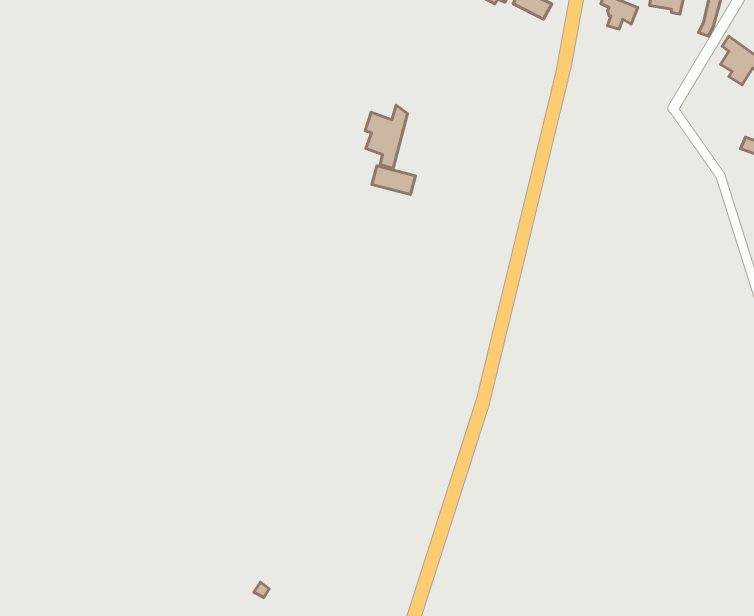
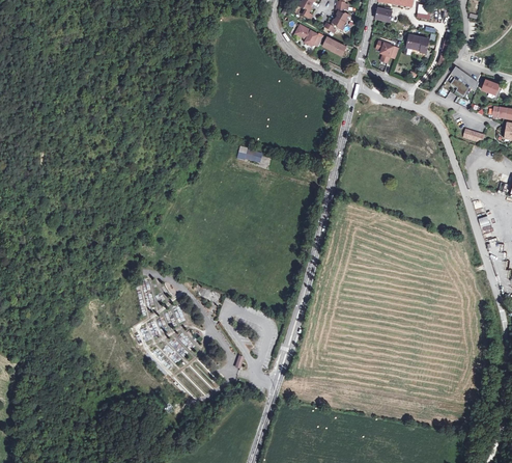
building: [365,105,407,168] -> none

